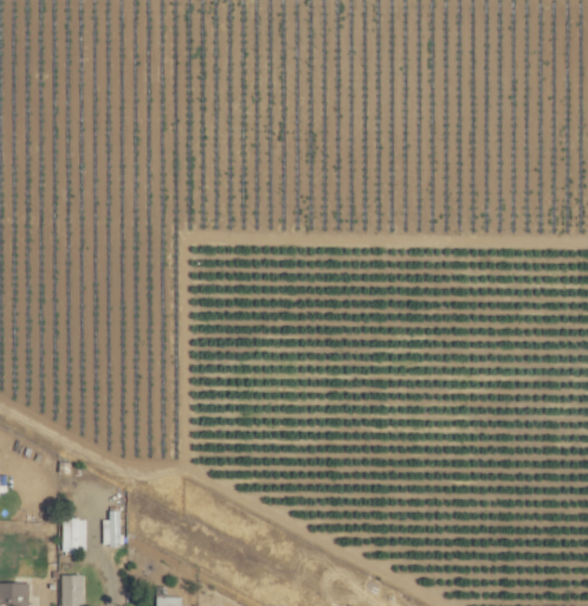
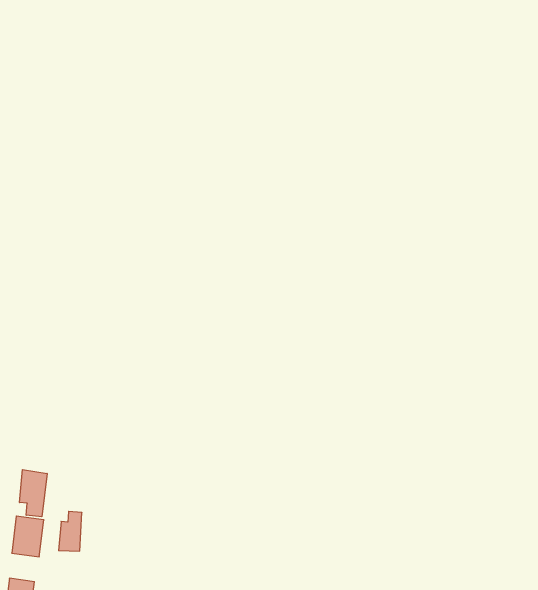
building: none -> [20,470,47,517]

